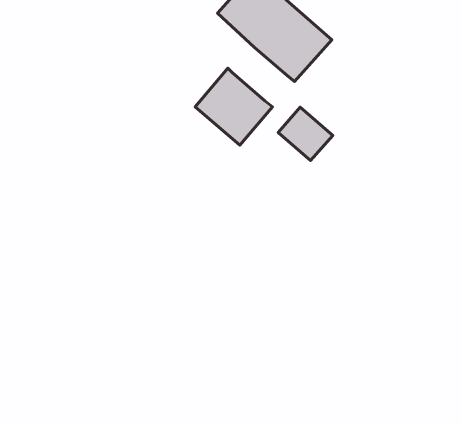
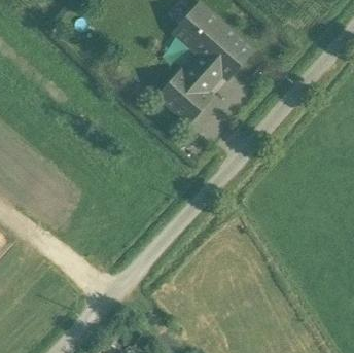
building: [278,107,333,161] -> [182,56,220,93]

